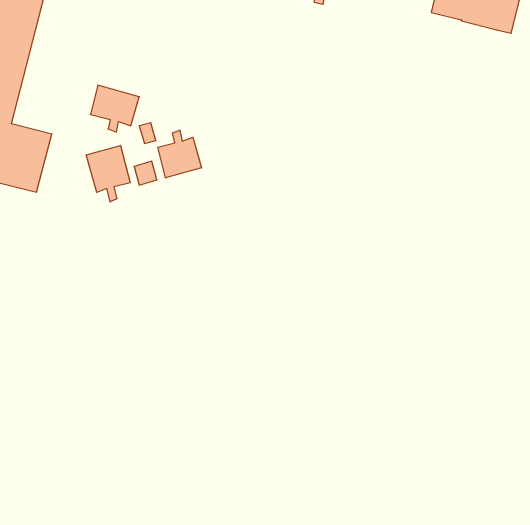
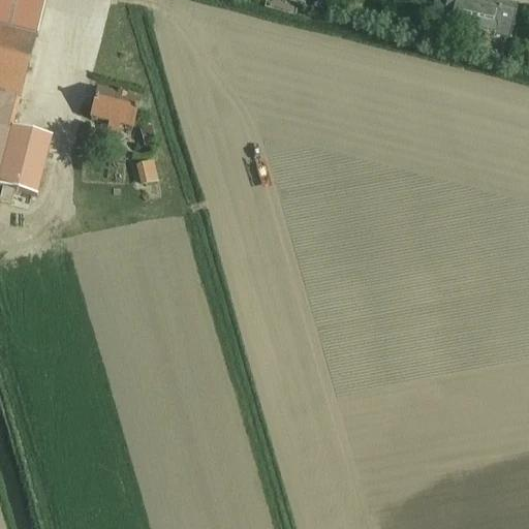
building: [158,130,202,178] -> none
building: [86,145,130,202] -> none

